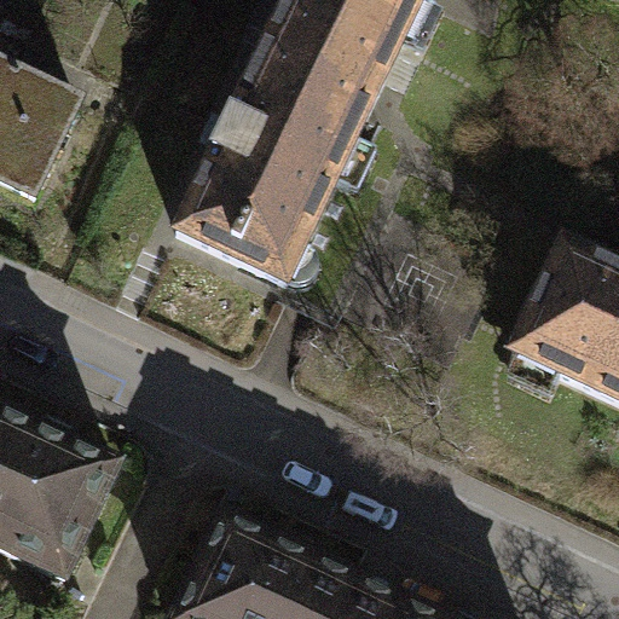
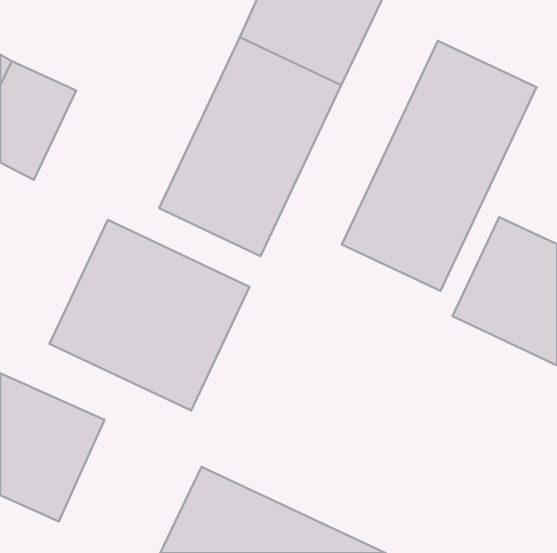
building: none -> [342,41,536,291]
building: none -> [50,220,249,411]

